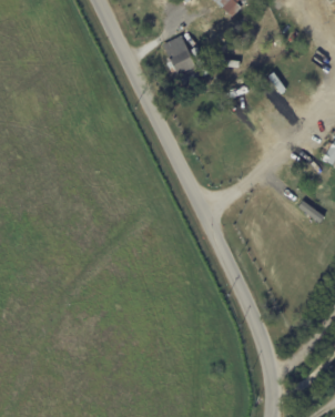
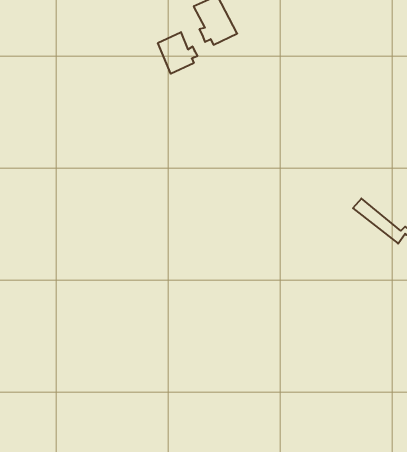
building: none -> [158,32,197,74]

